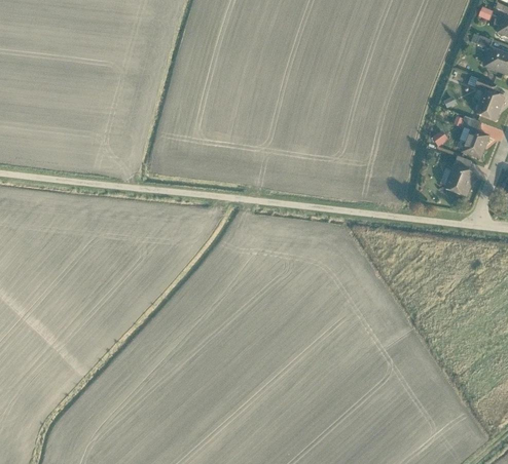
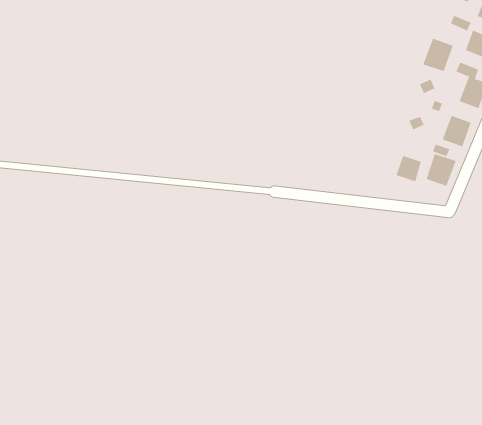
building: none -> [422,38,454,72]
building: none -> [396,155,421,182]

